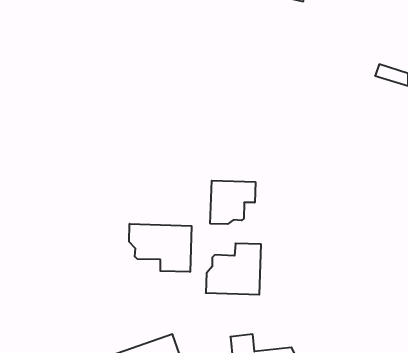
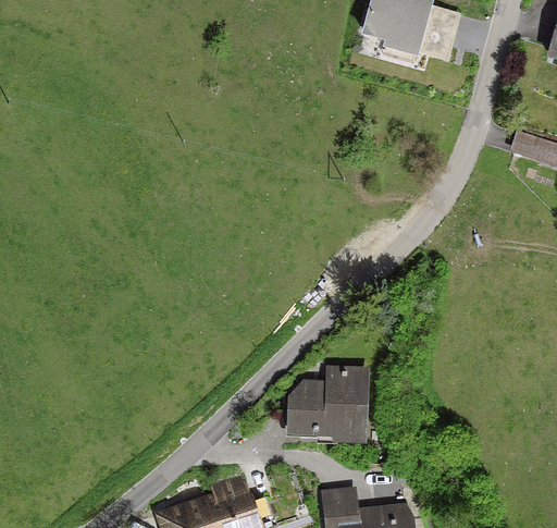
building: [210,181,255,224] -> none
building: [129,224,192,272] -> none

